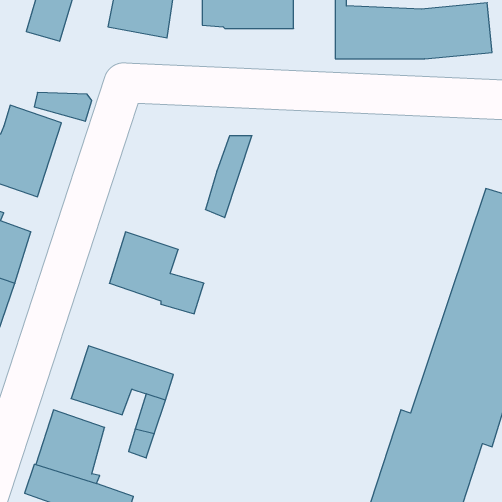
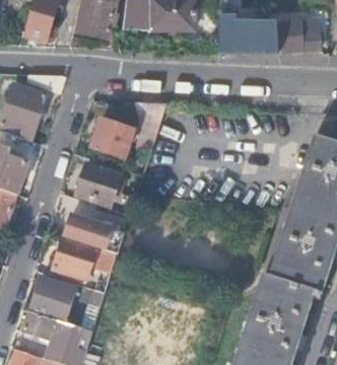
building: none -> [91,119,132,156]
building: none -> [64,213,124,252]

